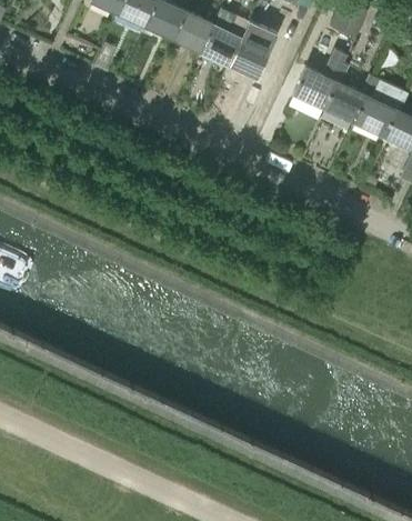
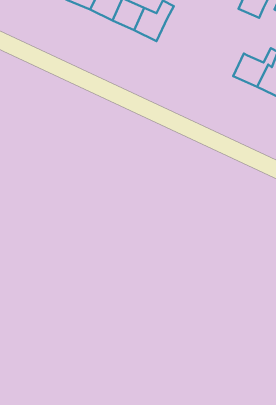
building: [229,22,278,79] -> none
building: [293,49,350,109] -> none

